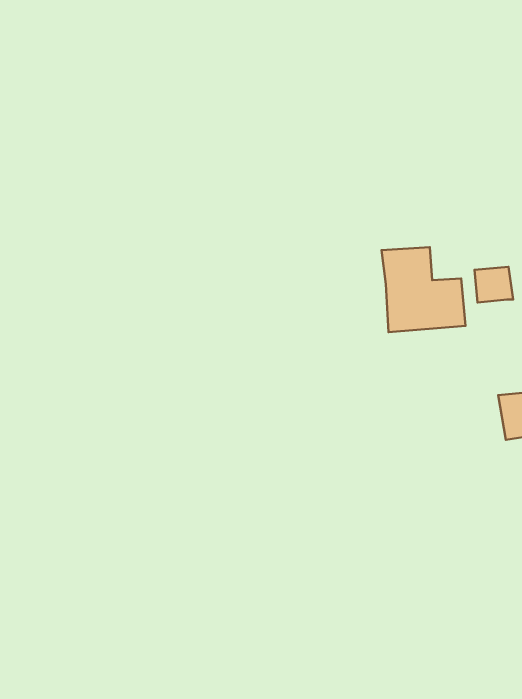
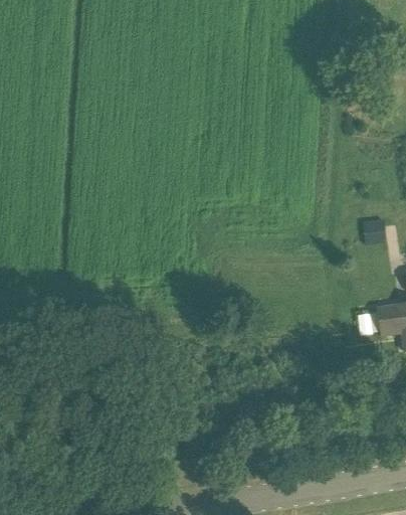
building: [382,247,465,332] -> none

